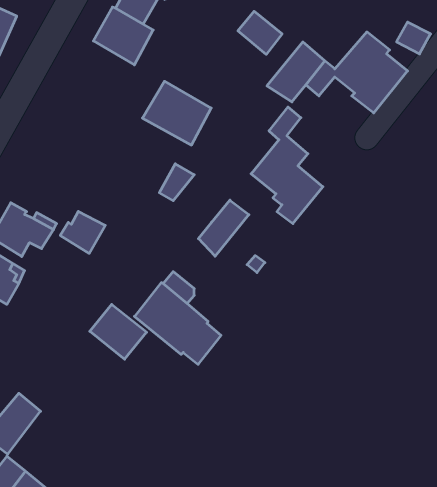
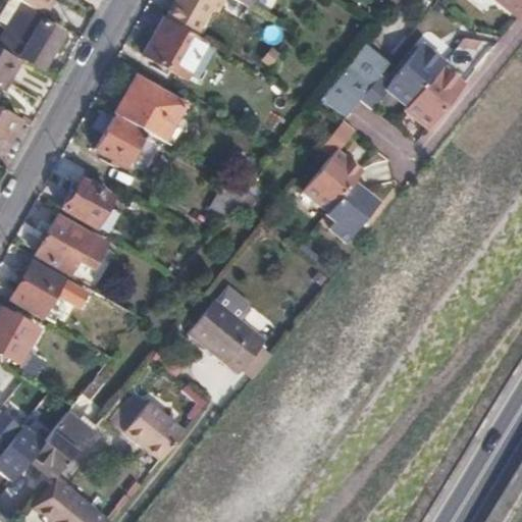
building: [238,11,282,54] -> none
building: [142,81,211,145] -> [114,76,185,142]
building: none -> [93,112,143,165]
building: [198,200,249,256] -> none
building: [60,211,105,253] -> [64,182,110,225]
building: [90,304,147,359] -> [126,403,185,459]

